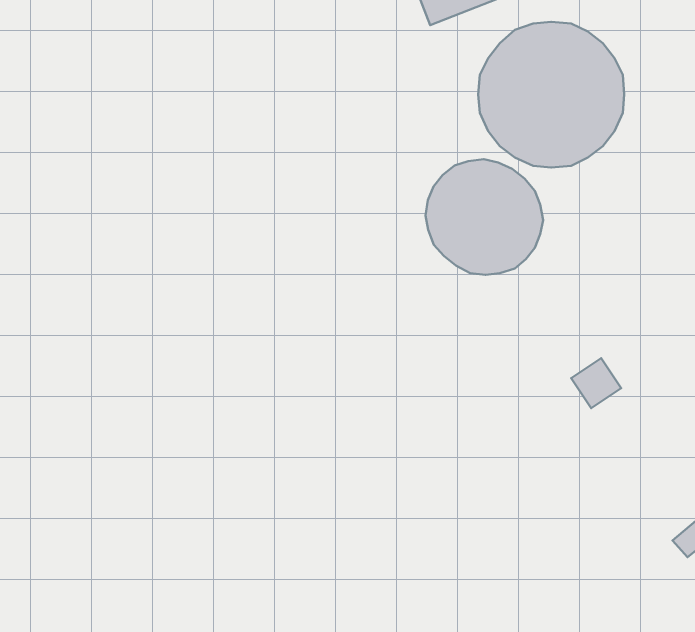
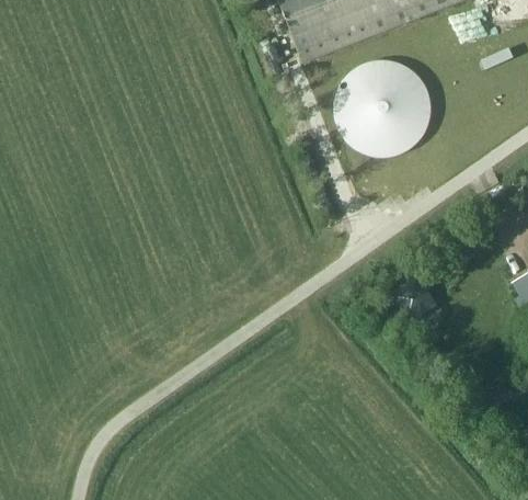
building: [425,159,543,275] -> none

